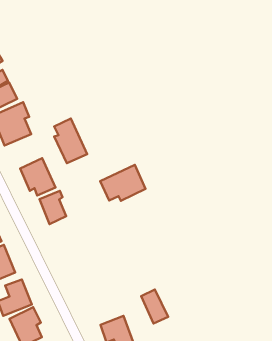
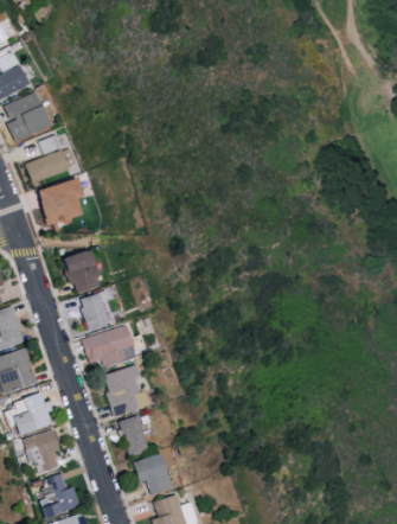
building: [54,118,87,163] -> none
building: [100,165,146,201] -> [79,325,134,366]
building: none -> [101,364,147,416]
building: [141,289,168,324] -> [119,415,148,456]

